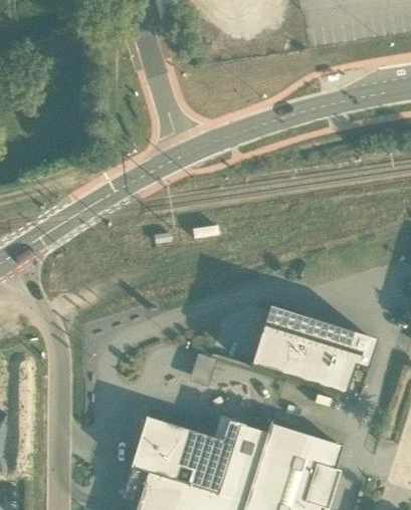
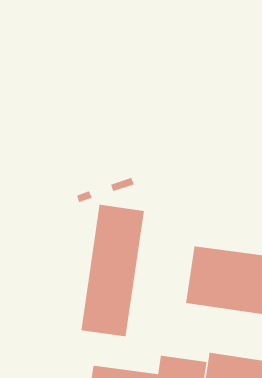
building: none -> [81,204,145,337]

